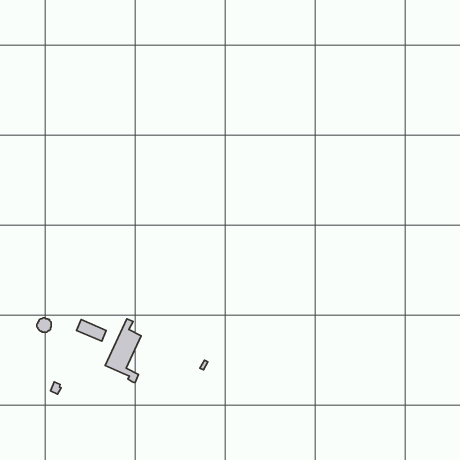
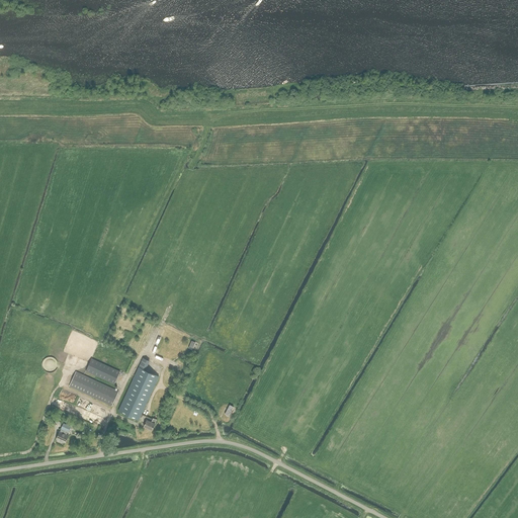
building: none -> [69,371,118,406]

